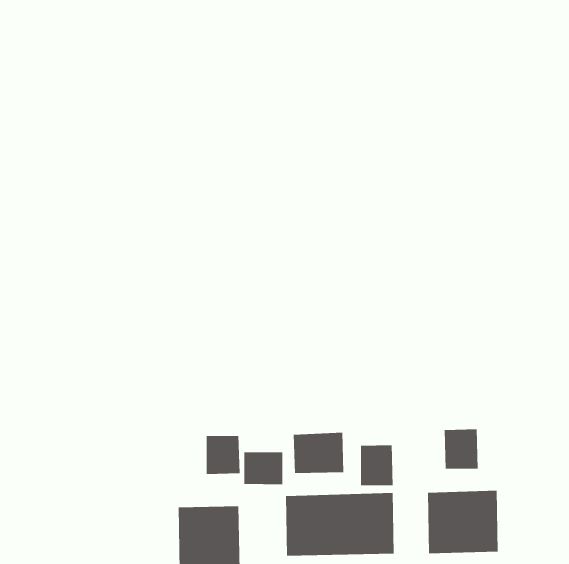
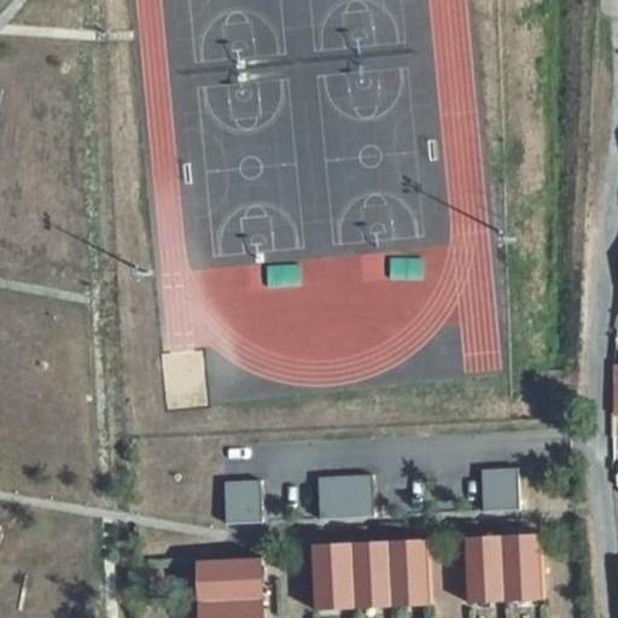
building: [361,444,393,486] -> none
building: [244,452,283,485] -> none

